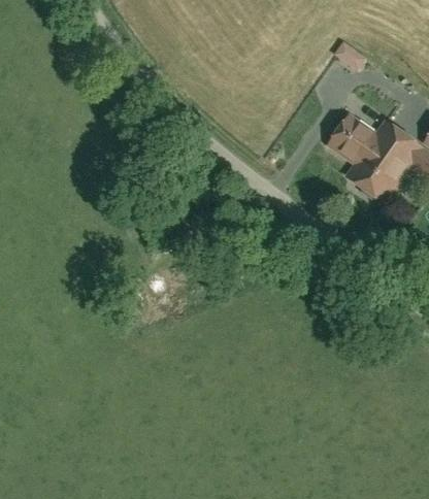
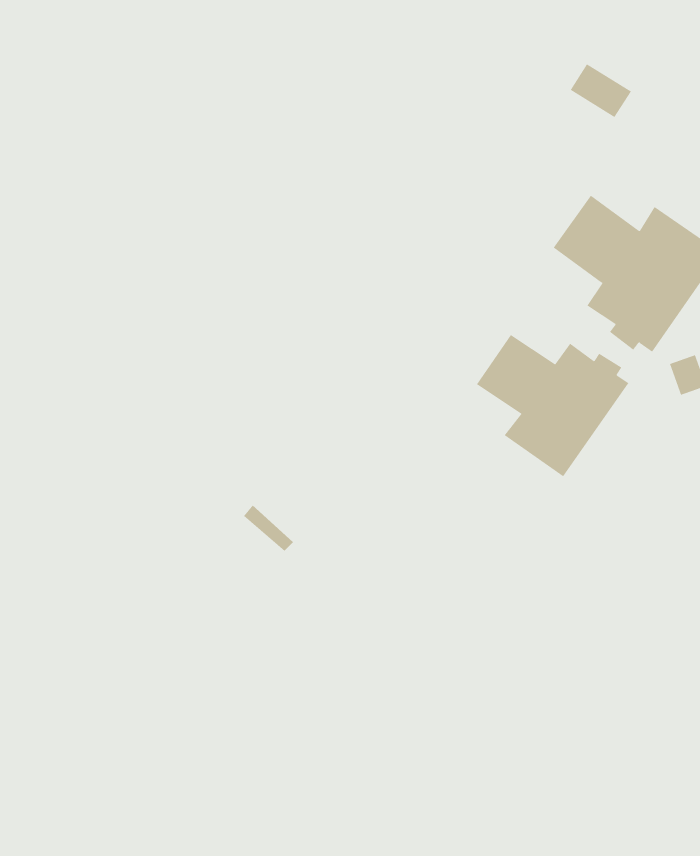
building: none -> [476,334,629,477]

